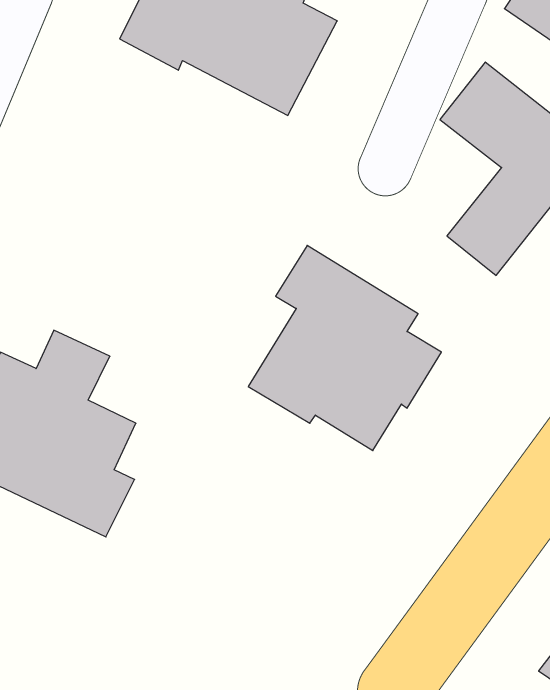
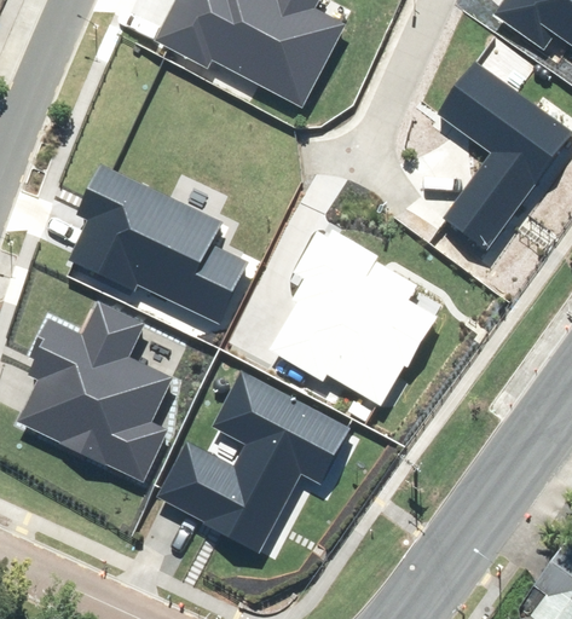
building: none -> [64,166,248,322]
building: none -> [157,372,349,554]

